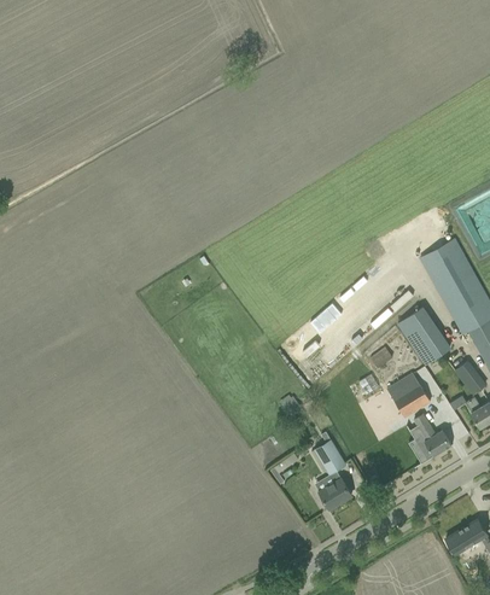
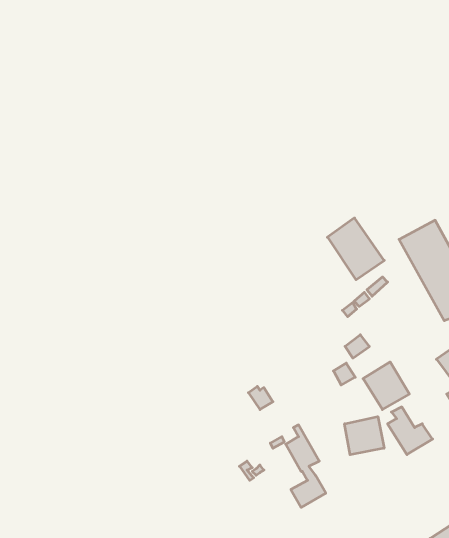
building: [398,308,451,366] -> [327,218,384,280]
building: none -> [345,417,384,455]

